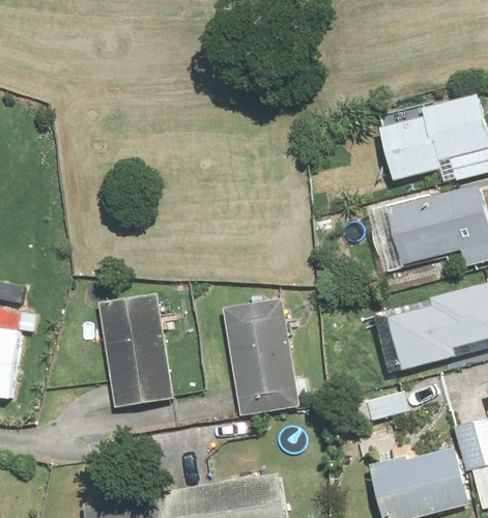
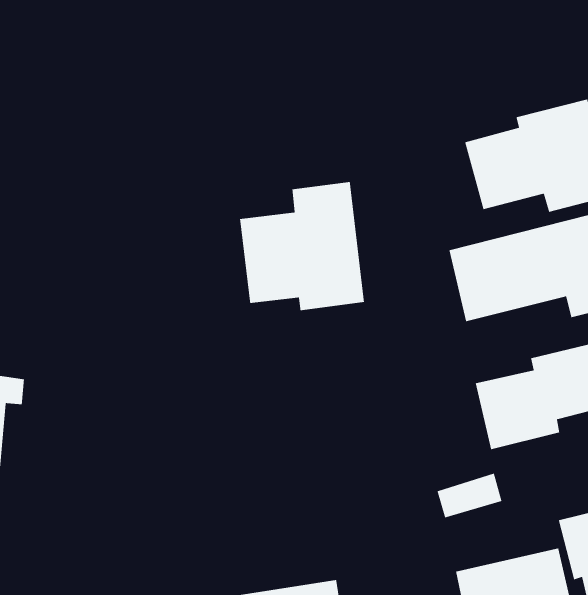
building: none -> [239,181,365,311]
building: [97,293,173,406] -> none
building: [226,297,298,412] -> none

